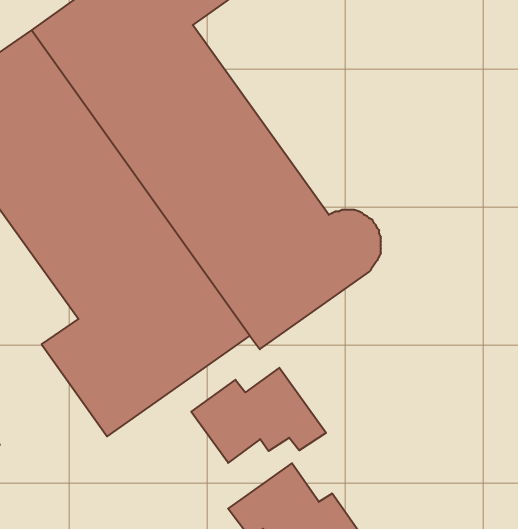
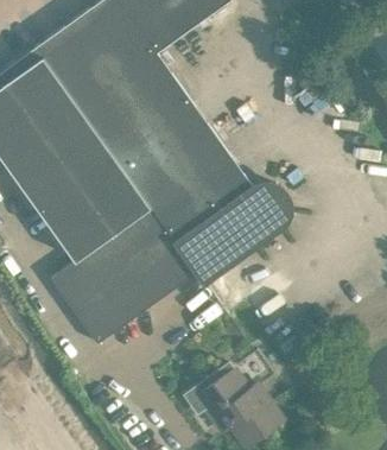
building: [191,368,326,463] -> none

